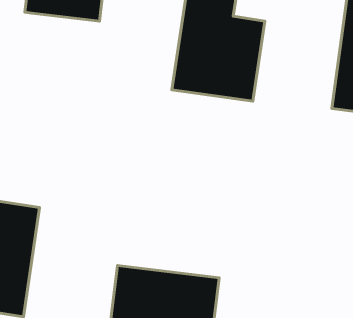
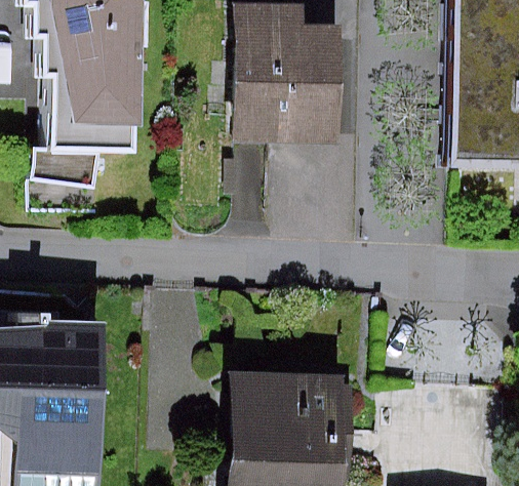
building: none -> [41,74,144,208]

